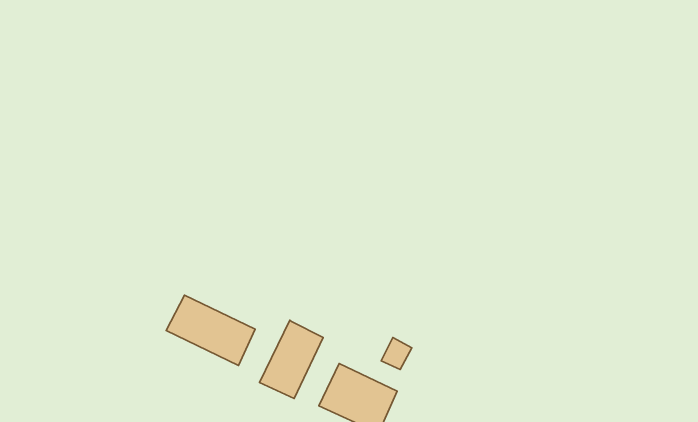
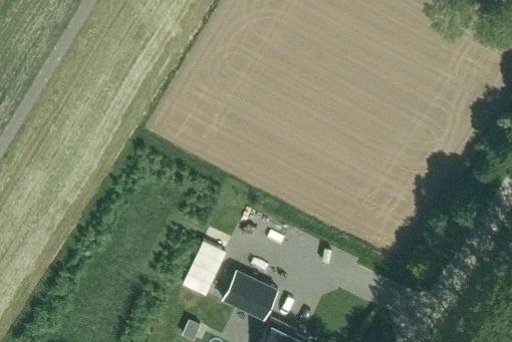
building: [166,295,255,366] -> none

